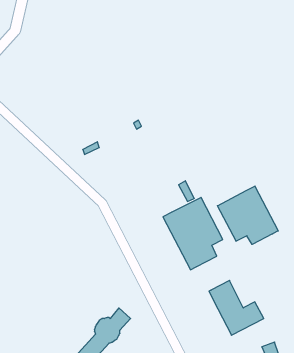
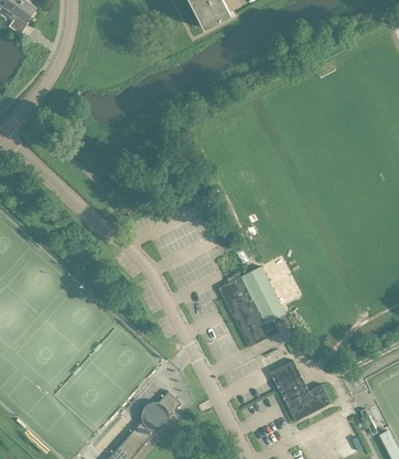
building: [217,186,278,244] -> none

